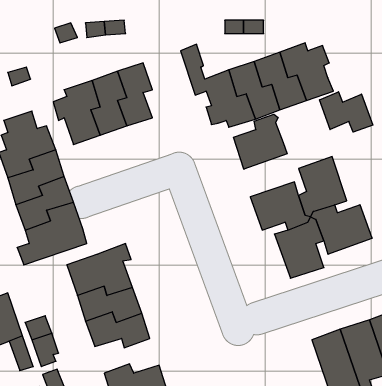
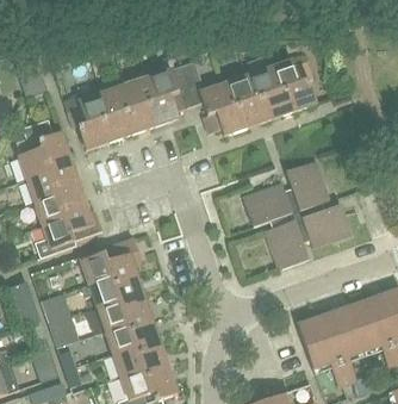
building: none -> [148,67,194,126]
building: [320,92,373,132] -> none
building: [233,114,287,169] -> none
building: none -> [105,323,162,354]

